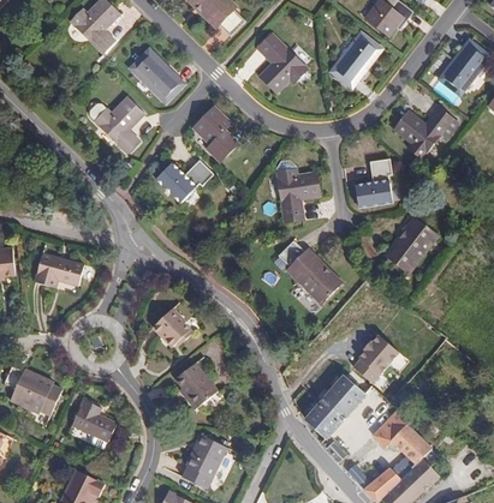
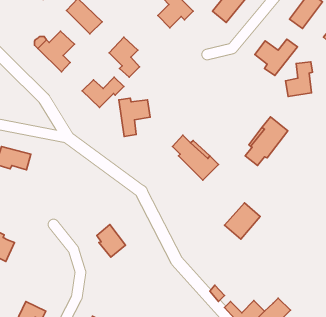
building: [355,157,392,205] -> [286,62,313,96]
building: [276,168,320,221] -> [119,98,150,136]
building: [156,311,191,347] -> none
building: [311,375,375,443] -> none
building: [70,400,114,442] -> none
building: [376,417,435,473] -> none
building: [184,436,224,477] -> none

